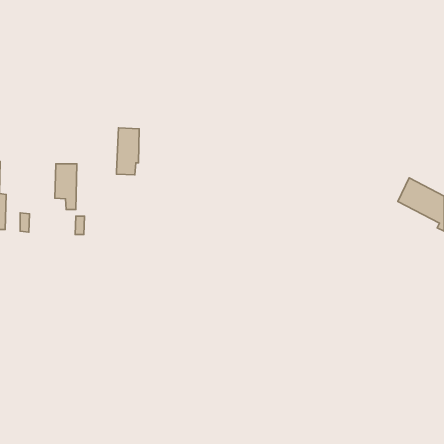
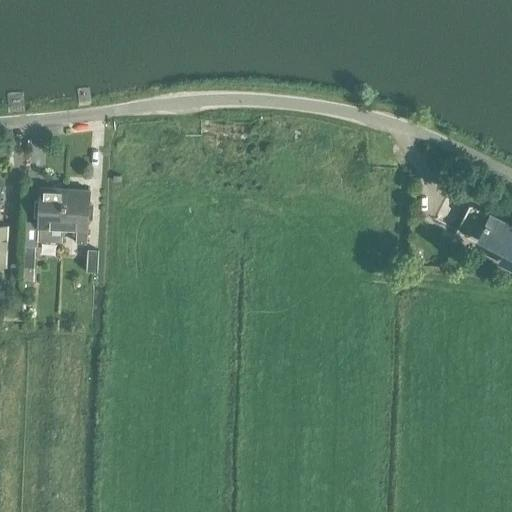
building: [117,128,139,175] -> [38,189,64,243]

